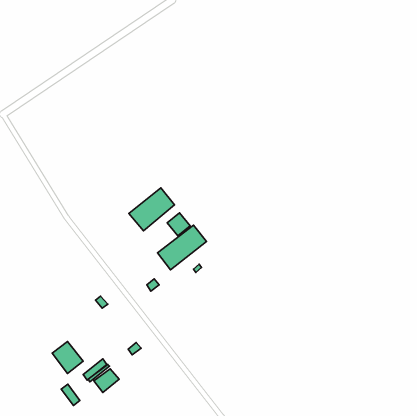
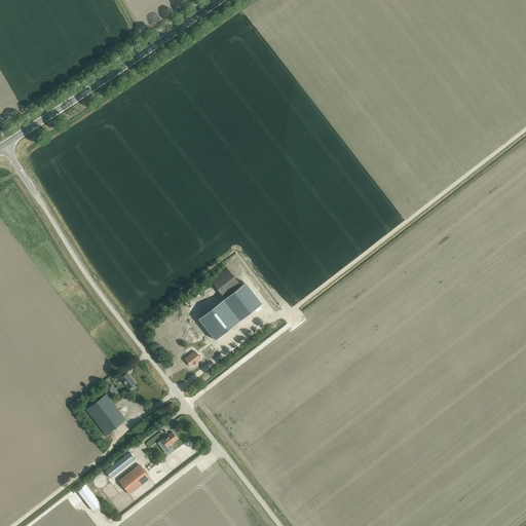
building: [129,188,175,231] -> none
building: [52,342,83,373] -> [86,396,125,436]

